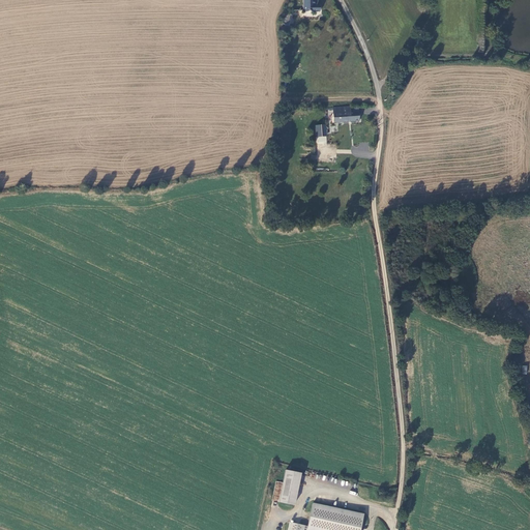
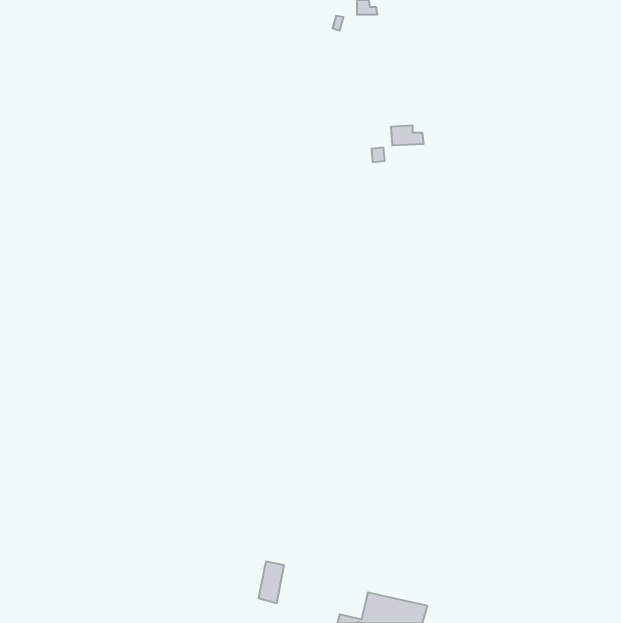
building: [279,470,301,505] -> [259,562,284,603]

